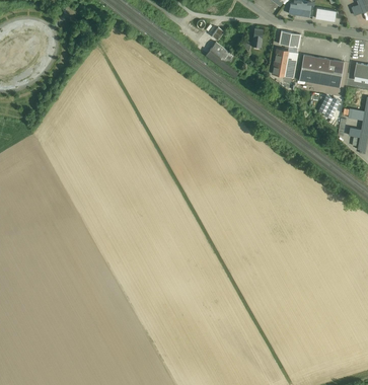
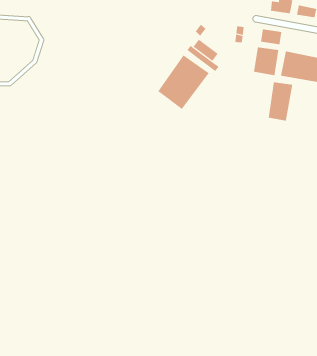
building: none -> [158,54,209,110]
building: none -> [268,81,293,121]

